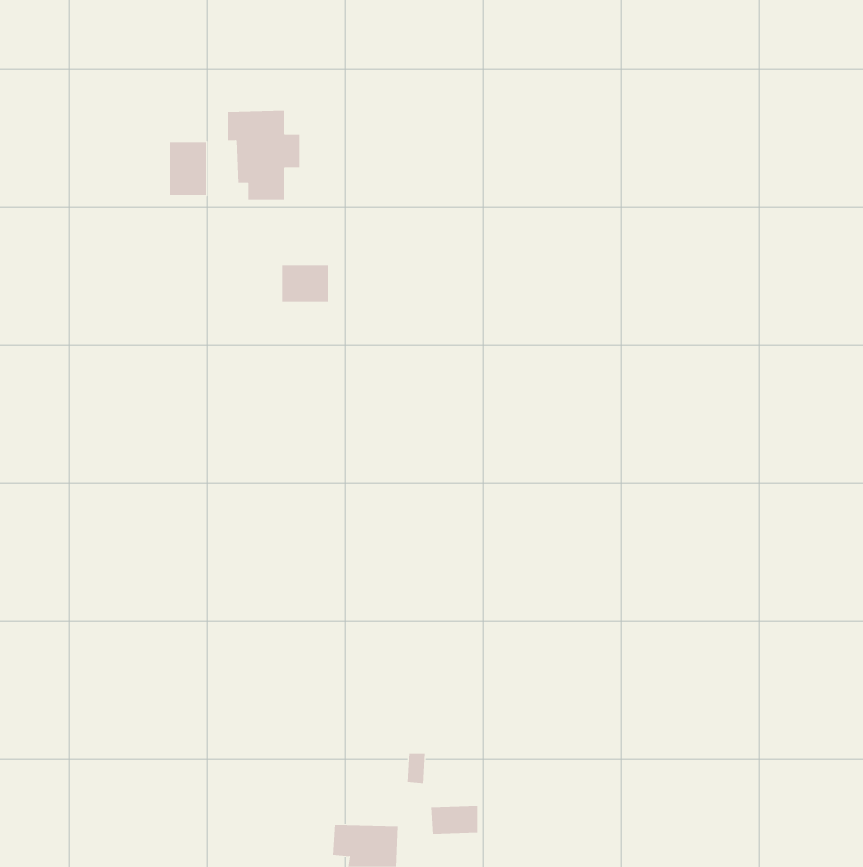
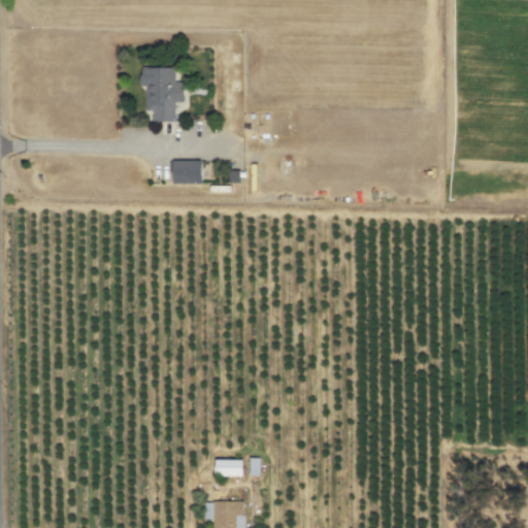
building: [169,142,207,196] -> none
building: [431,806,478,834] -> [216,460,244,477]

